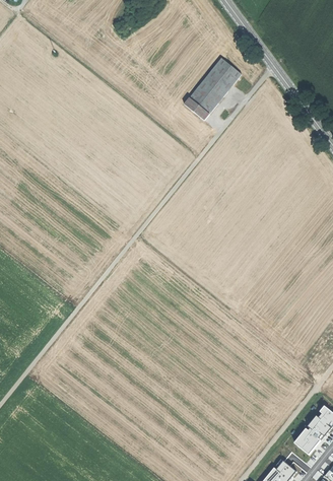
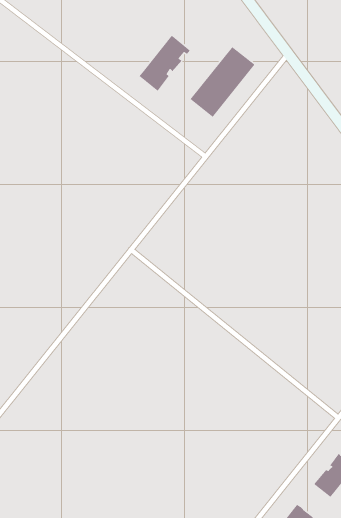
building: none -> [138,35,191,92]

